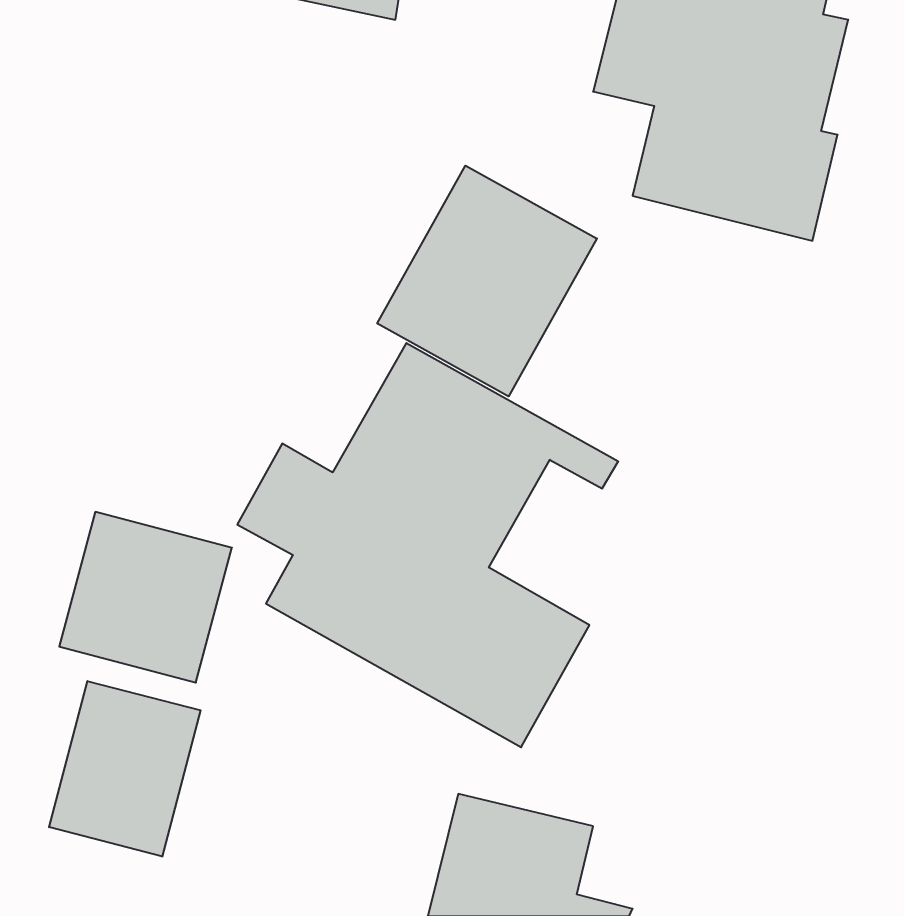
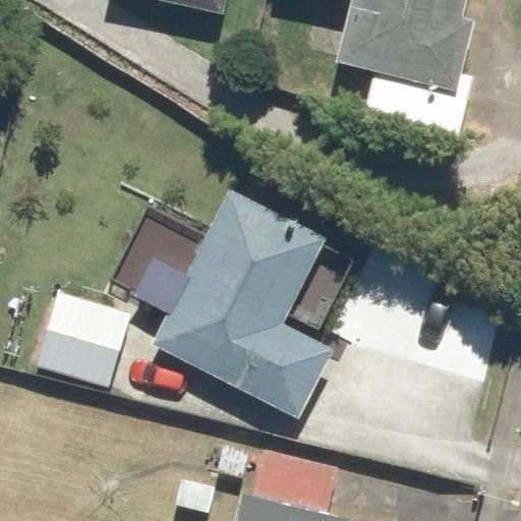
building: [377,166,597,396] -> none
building: [49,681,201,857] -> none

